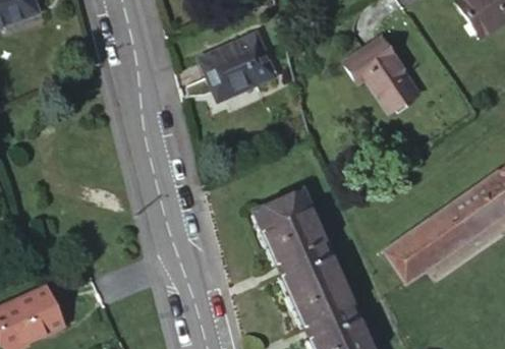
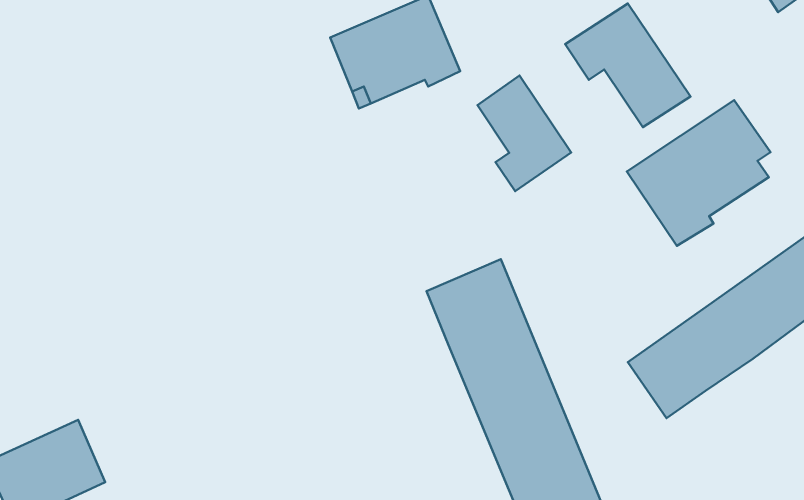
building: none -> [477,76,571,191]
building: none -> [627,100,770,246]

